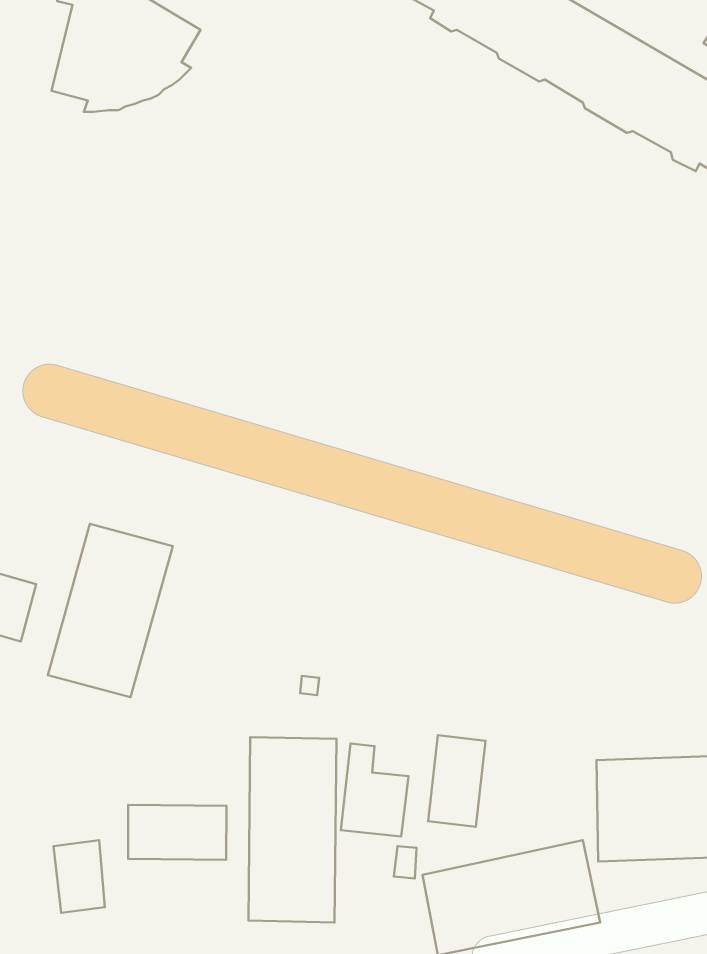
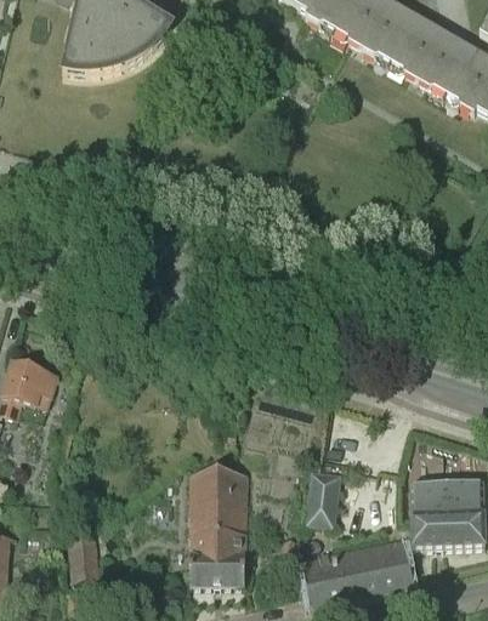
building: [48,524,173,697] -> none
building: [341,743,408,836] -> none
building: [128,805,226,860] -> none

